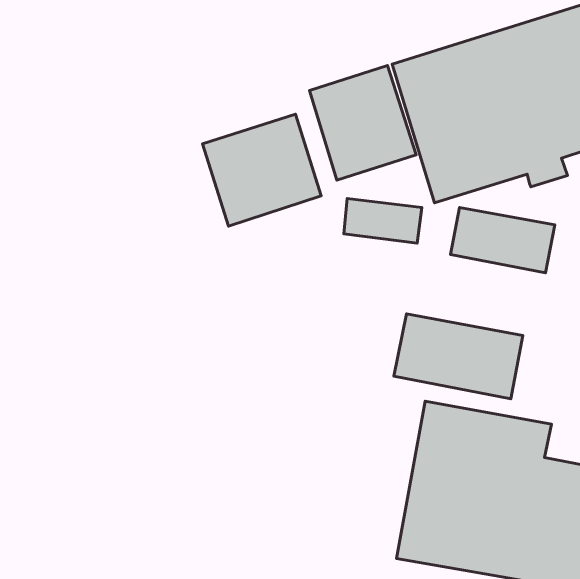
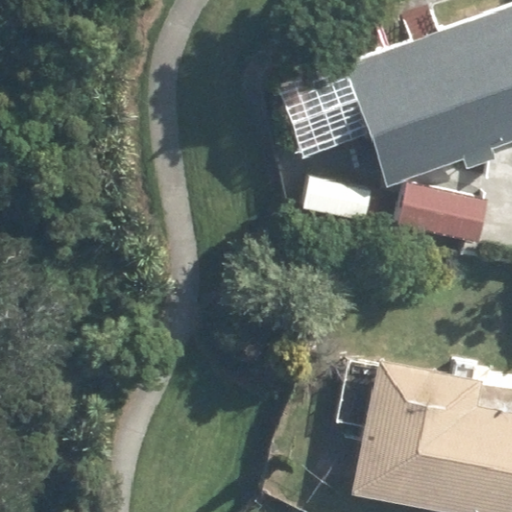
building: [202,114,321,226] -> none
building: [394,314,523,399] -> none

